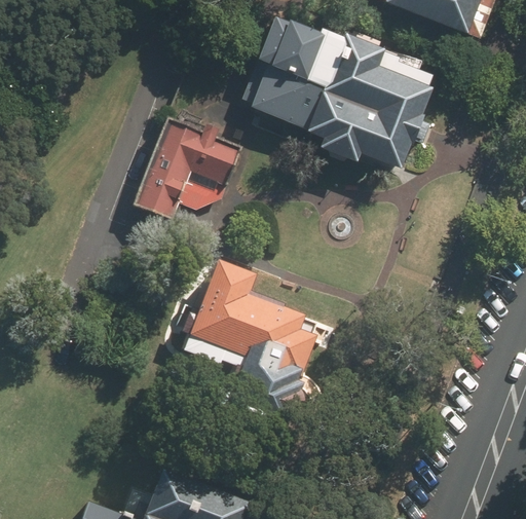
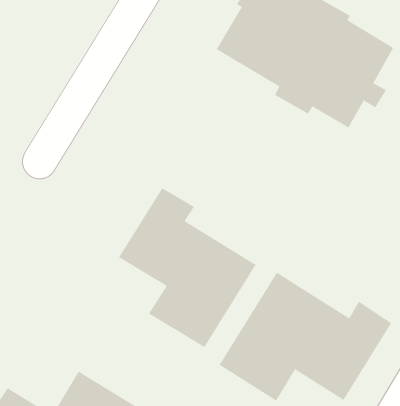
building: [139,119,240,217] -> none
building: none -> [219,272,392,402]

